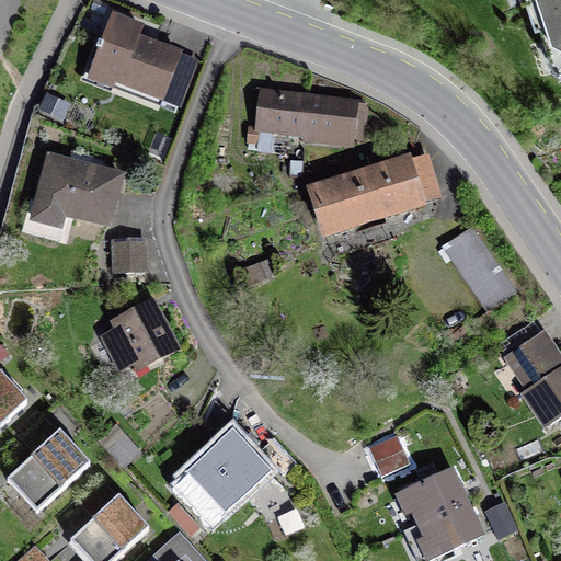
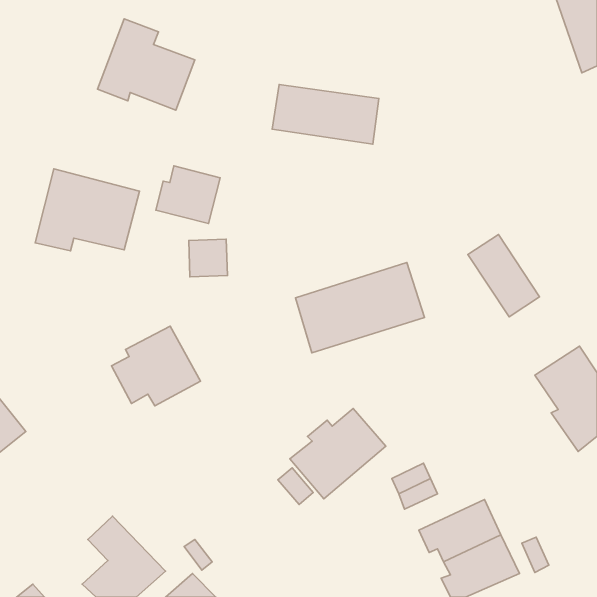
building: [306,144,426,228] -> [295,263,424,353]
building: none -> [156,166,220,223]
building: [112,243,148,278] -> [189,239,227,277]
building: [16,420,94,515] -> none
building: [180,436,270,520] -> [290,408,386,499]

